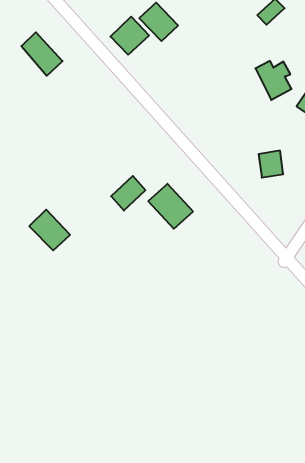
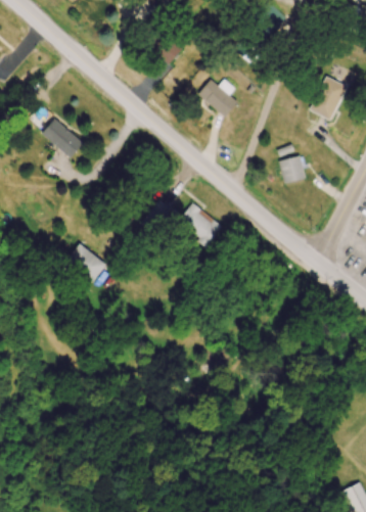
building: [110,17,149,55] -> none
building: [21,32,63,76] -> [42,118,84,158]
building: [255,61,292,100] -> [200,79,238,118]

